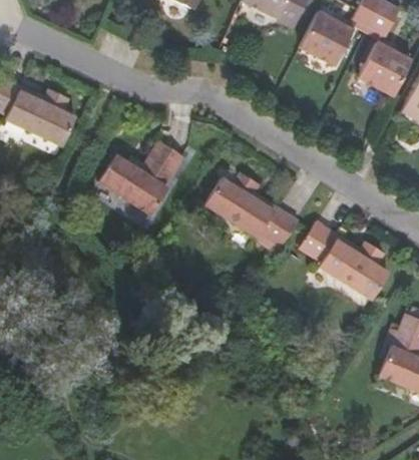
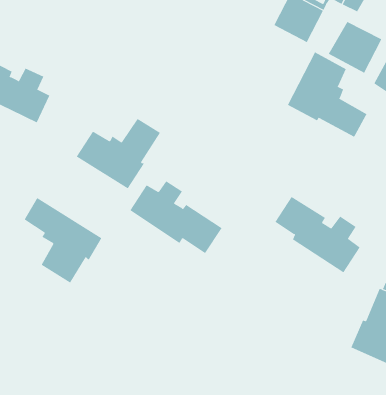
building: none -> [287,51,367,137]
building: [206,172,301,247] -> [129,181,222,254]
building: none -> [24,197,102,284]

